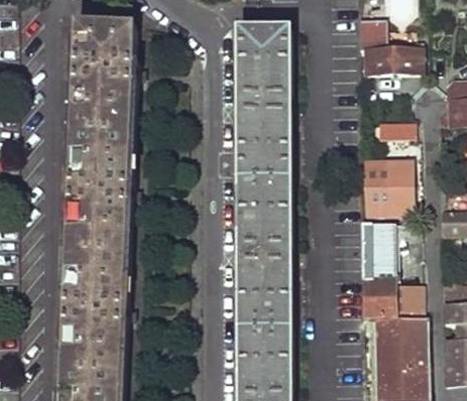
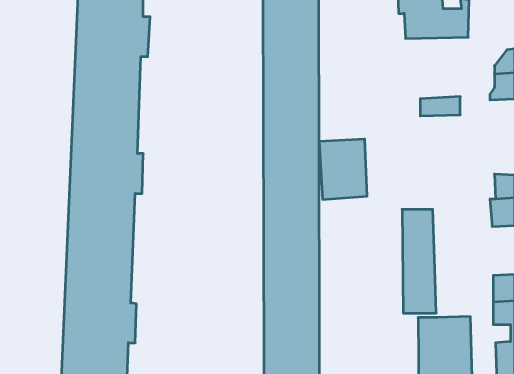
building: [367,162,410,216] -> [319,139,367,199]
building: [391,284,423,319] -> none

